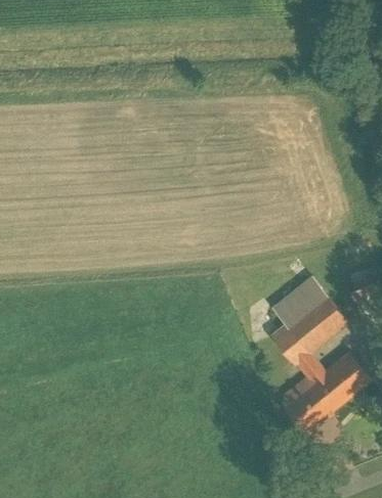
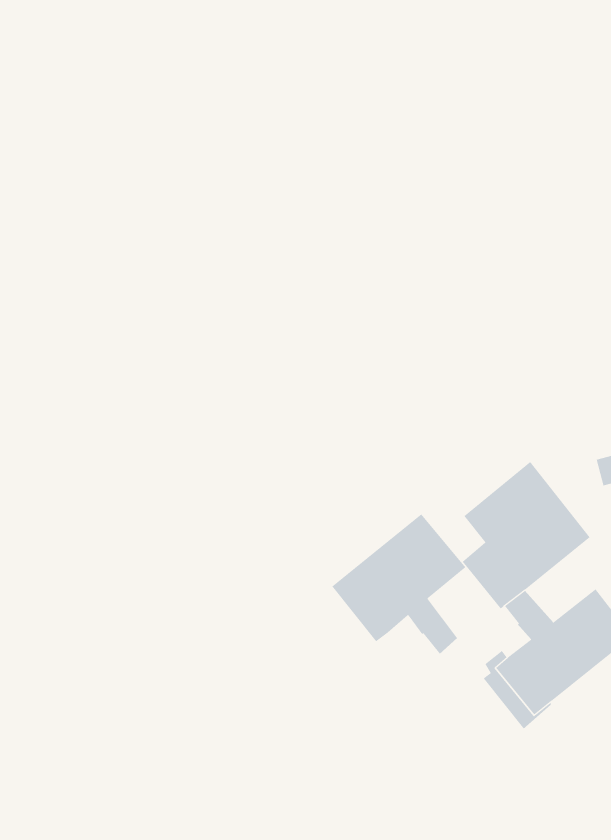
building: none -> [332,513,466,654]

